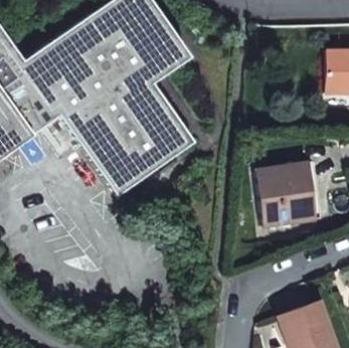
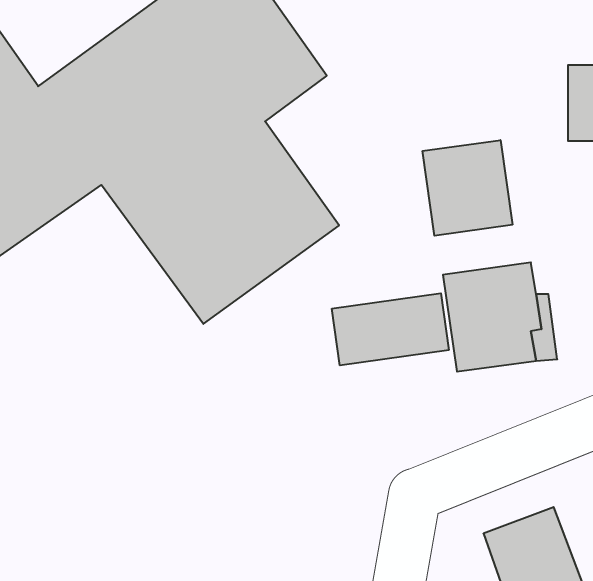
building: none -> [423,140,512,236]
building: none -> [332,293,449,365]

